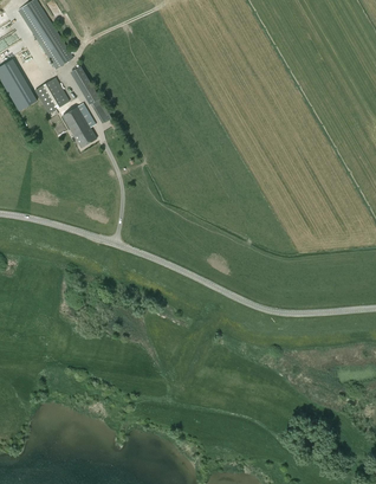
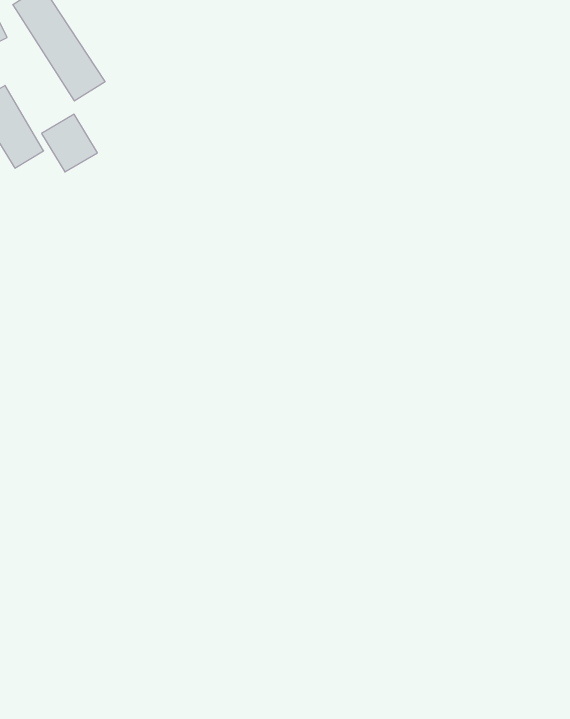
building: [60,102,96,147] -> none

